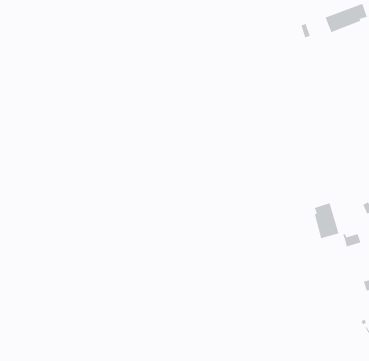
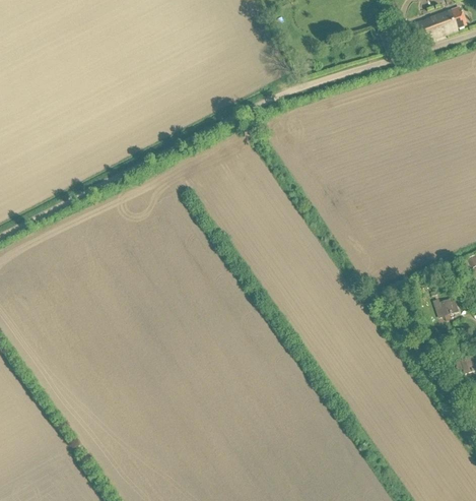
building: [314,202,340,239] -> none

